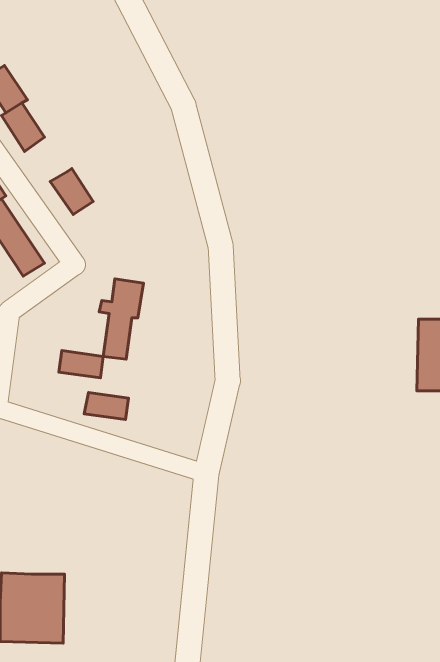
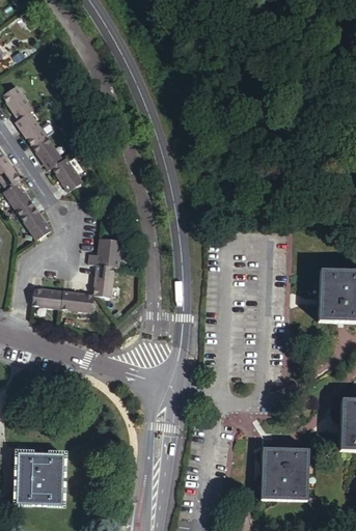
building: none -> [34,139,65,173]
building: [84,392,128,420] -> [29,289,61,309]
building: none -> [258,450,307,502]

